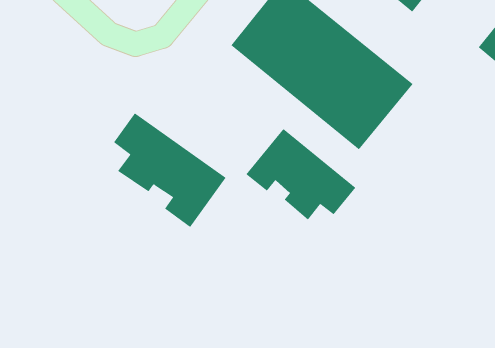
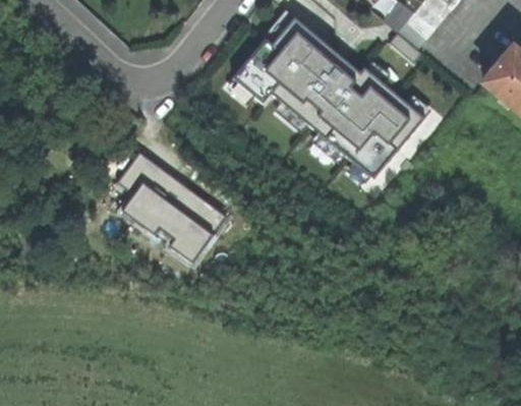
building: [246,128,356,221] -> none

